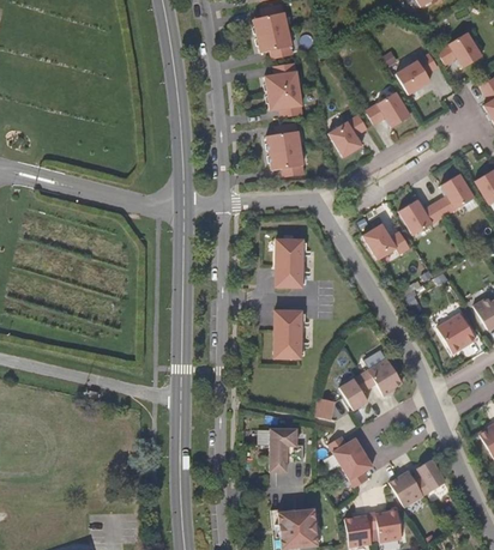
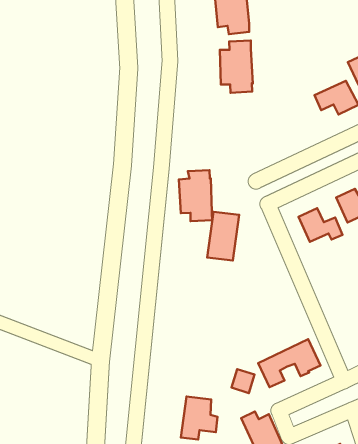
building: [329,114,368,157] -> none
building: [266,122,305,176] -> [179,170,212,221]
building: [275,310,302,358] -> none

